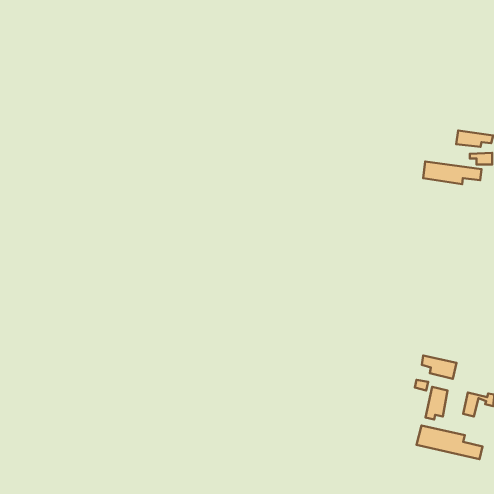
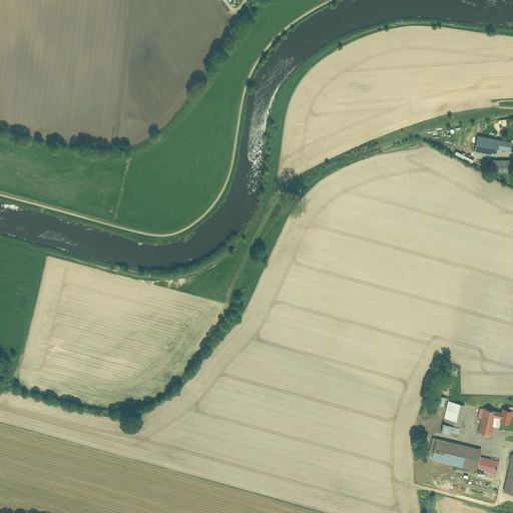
building: [423,161,482,184] -> none
building: [422,355,456,379] -> none

